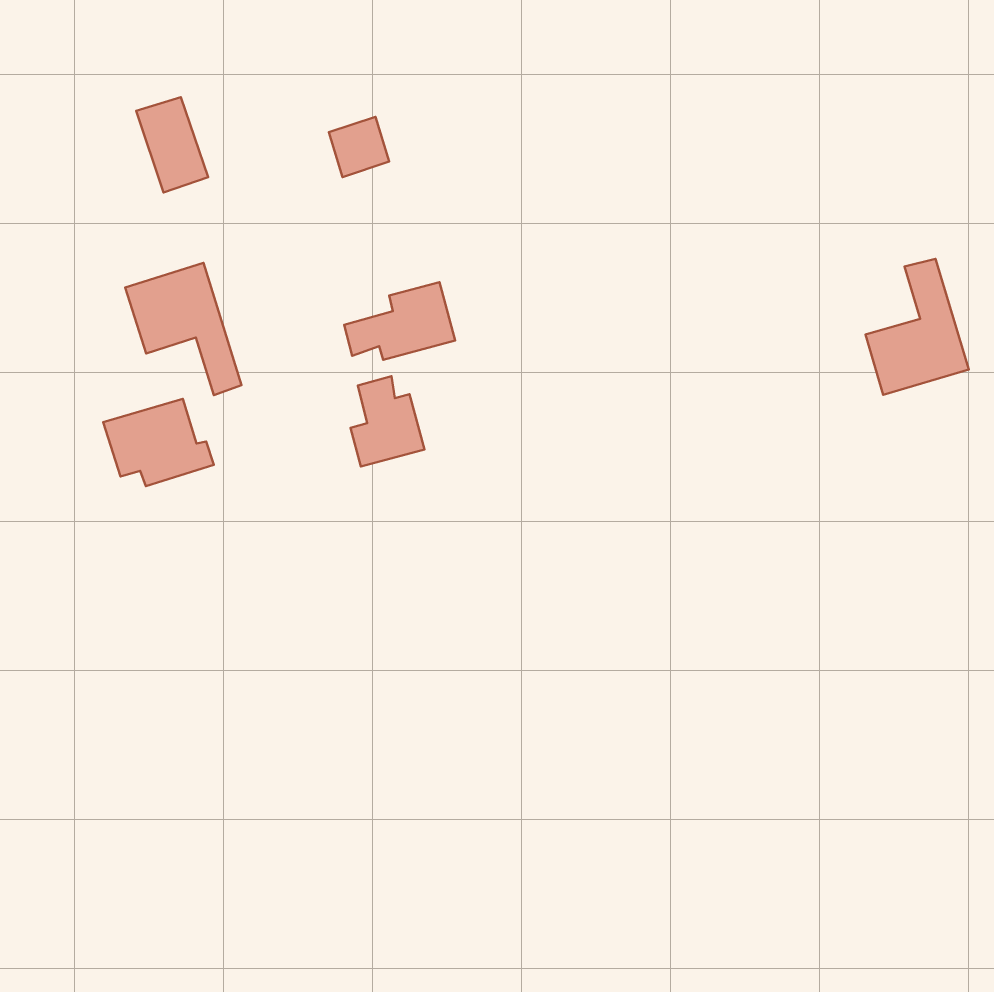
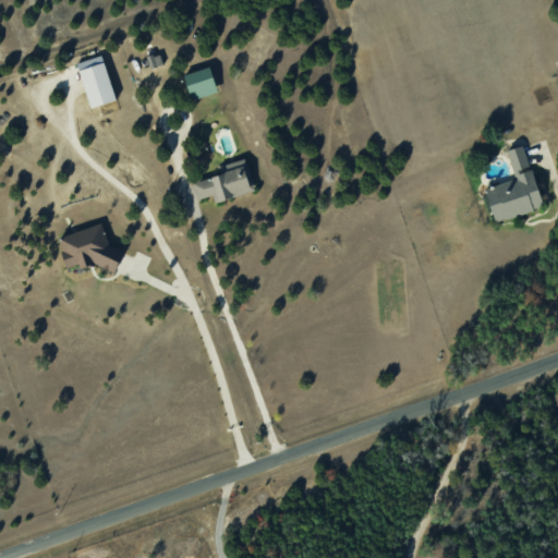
building: [125,263,242,395] -> none
building: [351,376,424,467] -> none

